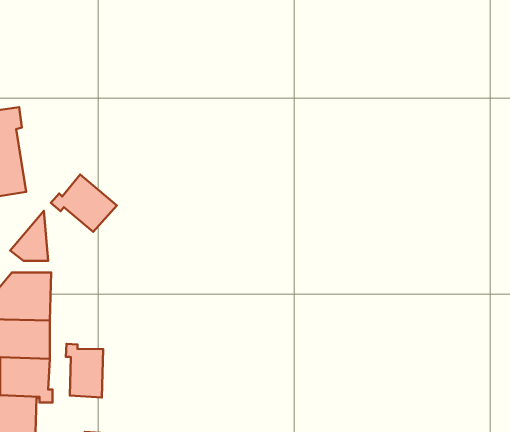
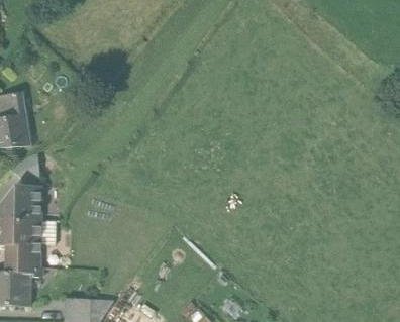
building: [51,174,117,232] -> none
building: [66,344,103,398] -> none

